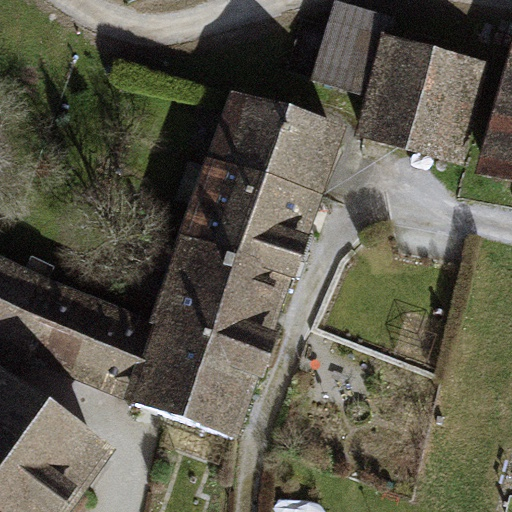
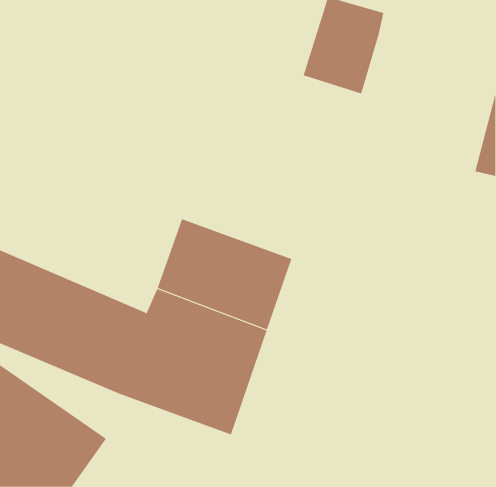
building: [358,35,485,162] -> none
building: [185,91,345,264] -> none

